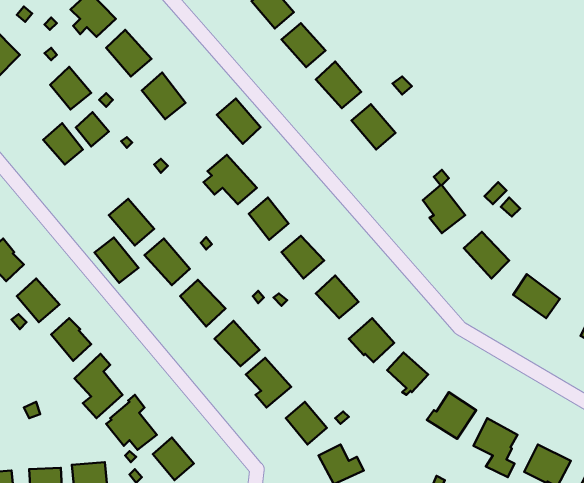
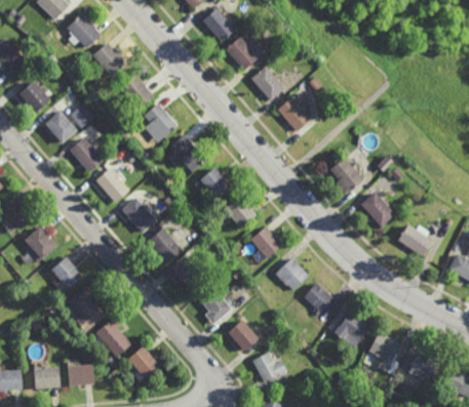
building: [50,67,91,109] -> [22,80,52,112]
building: [217,98,261,144] -> [144,103,177,136]
building: [94,237,138,283] -> [69,137,102,171]

